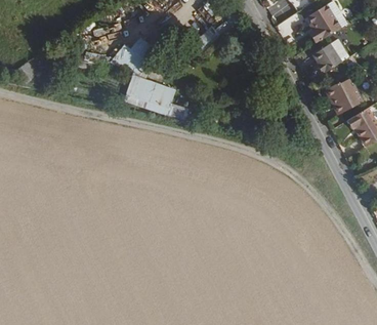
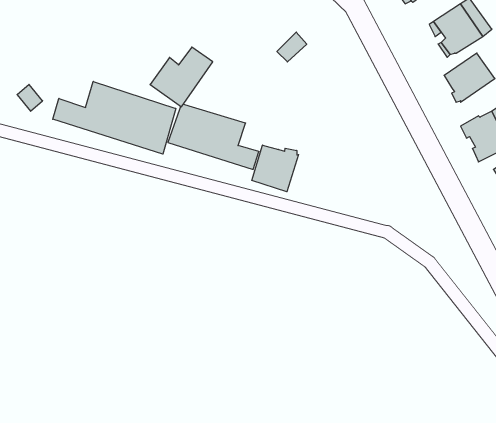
building: none -> [53,81,176,154]
building: none -> [252,145,299,192]

